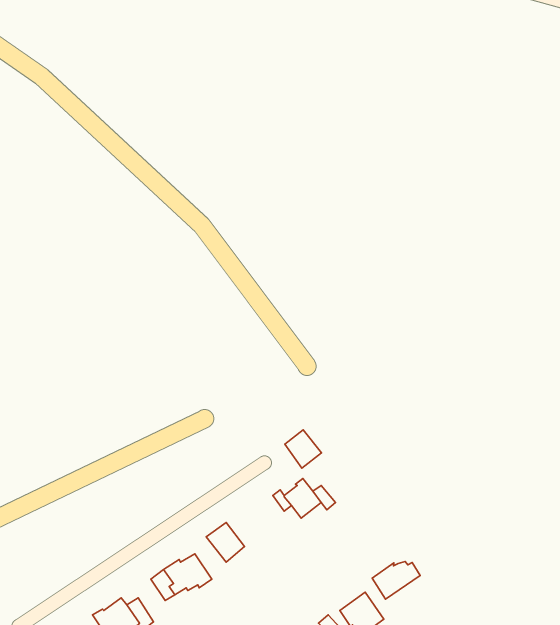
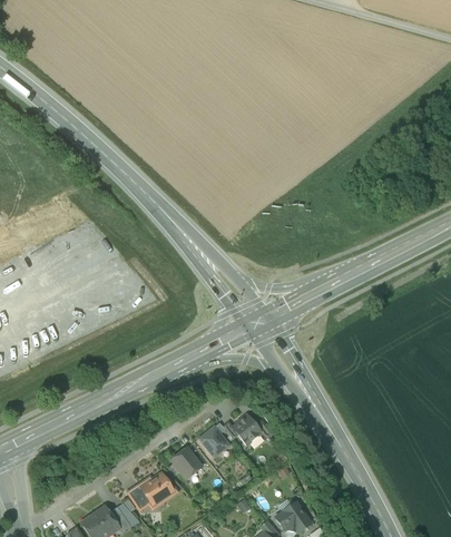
building: [285,430,322,468] -> [200,426,229,456]
building: [372,561,420,599] -> none

